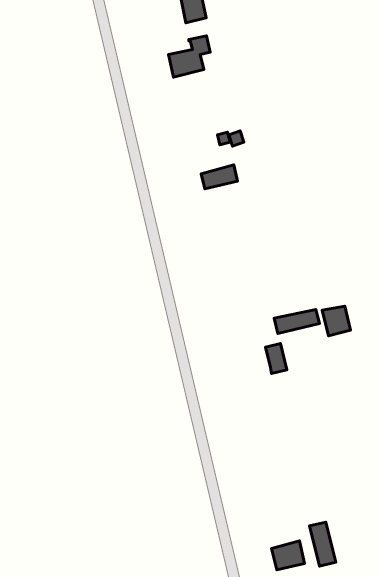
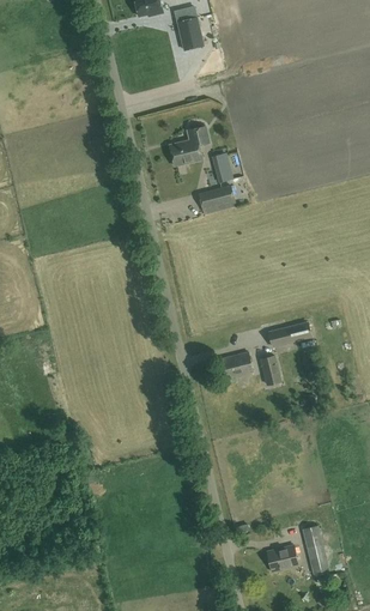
building: [169,36,210,77] -> [169,127,208,167]
building: [322,306,351,336] -> none
building: none -> [220,352,253,379]

